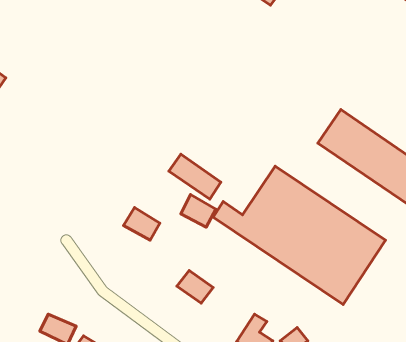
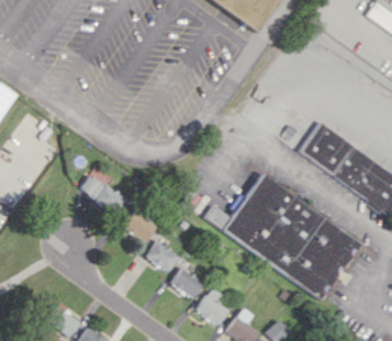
building: [169,154,221,199] -> [79,173,126,214]
building: [181,194,216,227] -> [146,240,178,270]
building: none -> [195,286,228,325]

